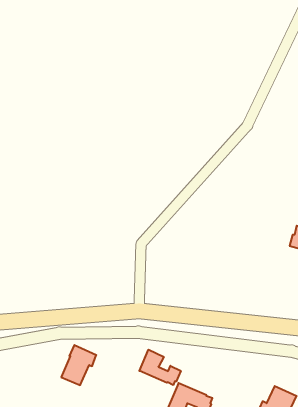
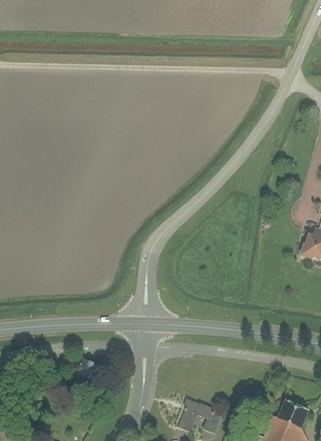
building: [139,350,181,385] -> none

